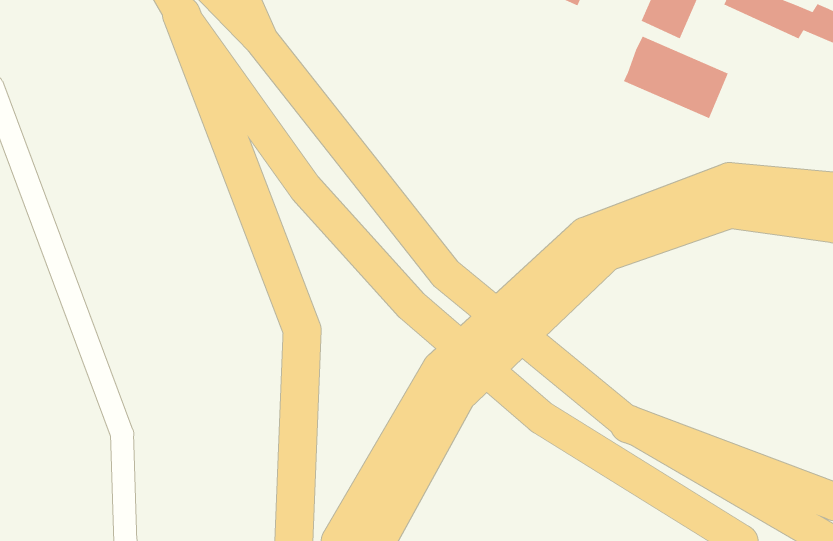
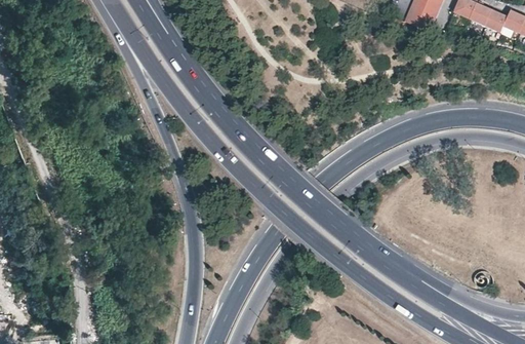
building: [623,35,729,119] -> none

